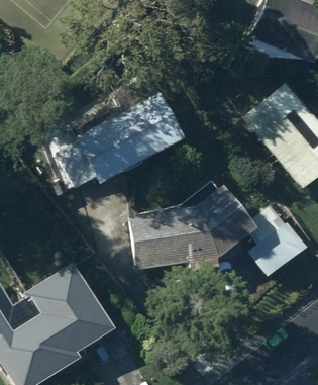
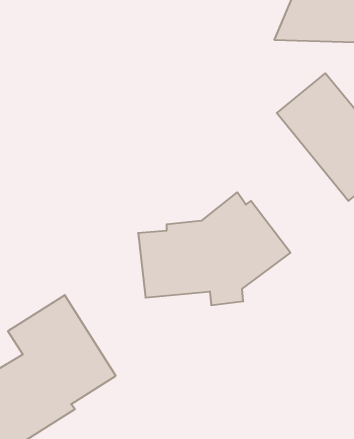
building: [57,80,182,187] -> none
building: [249,208,300,276] -> none

